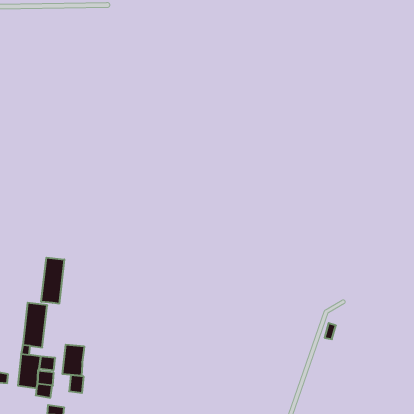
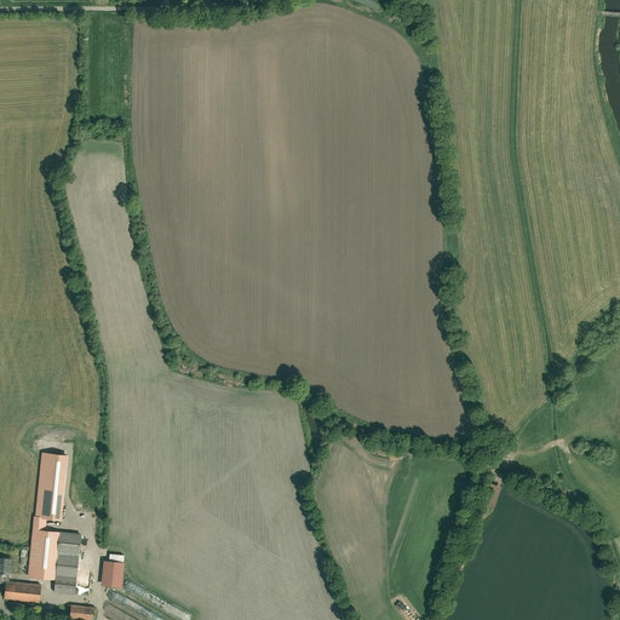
building: [41,258,64,304] -> none
building: [62,345,84,376] -> none
building: none -> [5,582,42,604]

